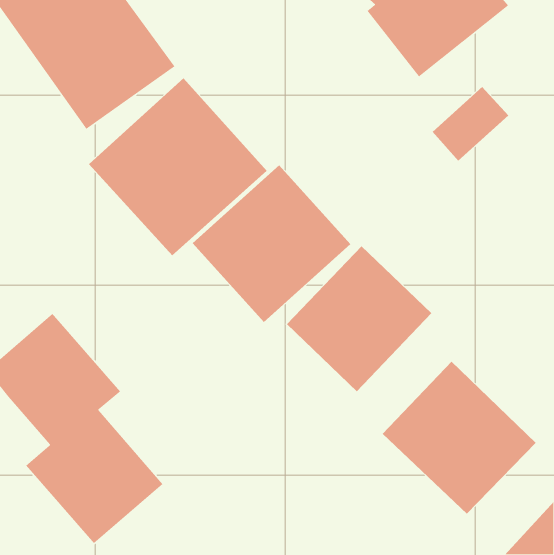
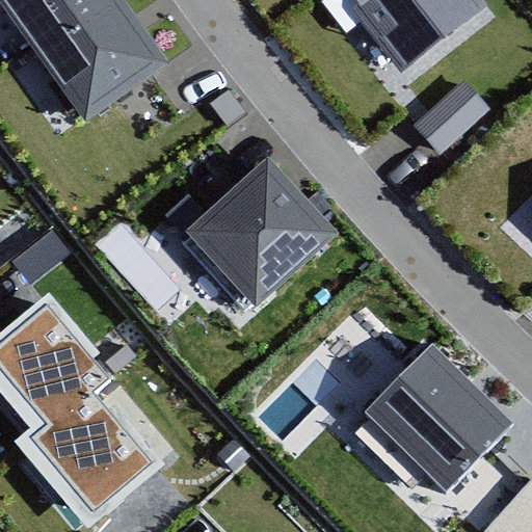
building: [88,78,268,256] -> none
building: [286,246,432,392] -> none

